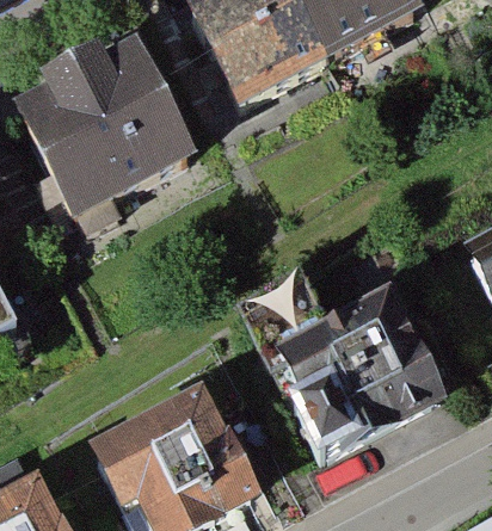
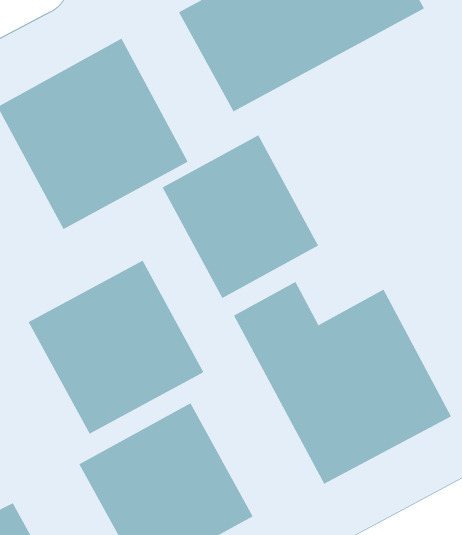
building: none -> [162,134,319,299]
building: none -> [28,260,204,435]

